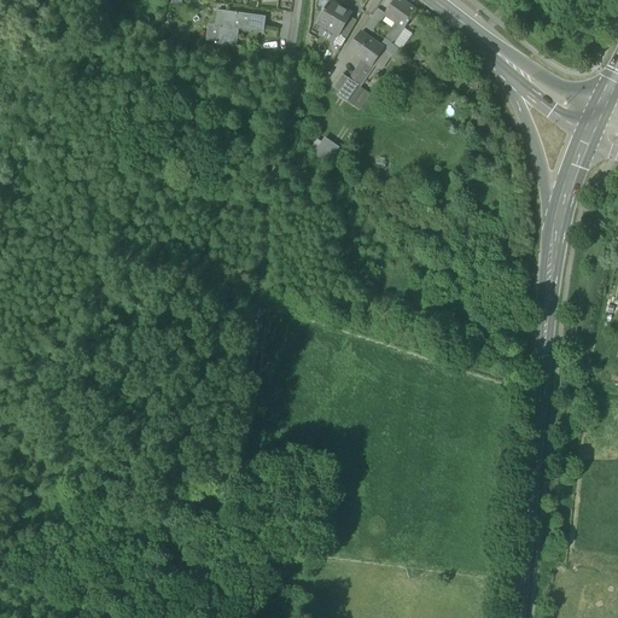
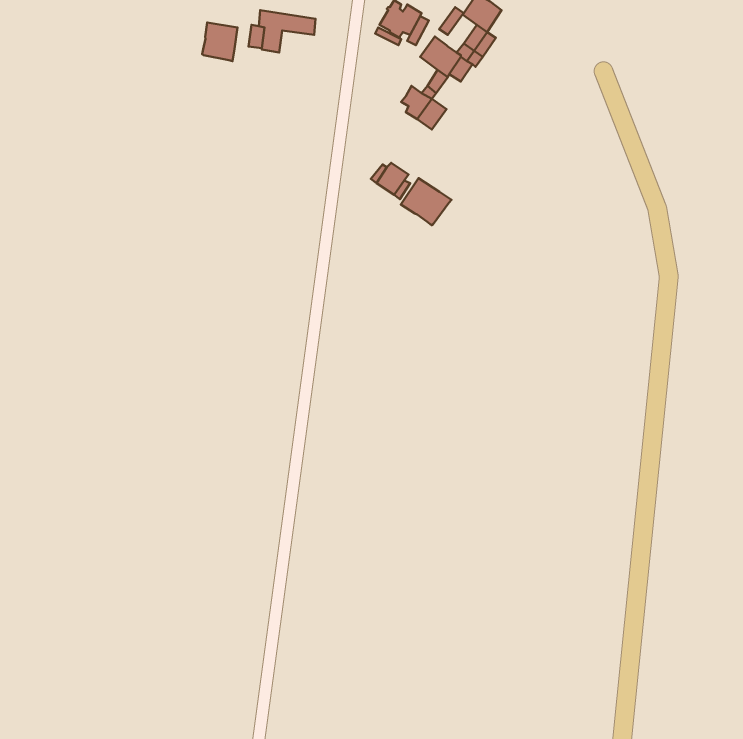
building: none -> [202,22,237,61]
building: none -> [401,178,451,225]

